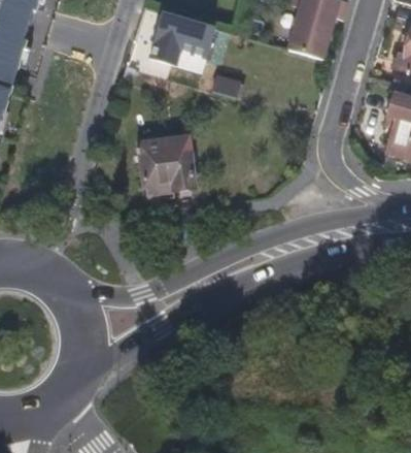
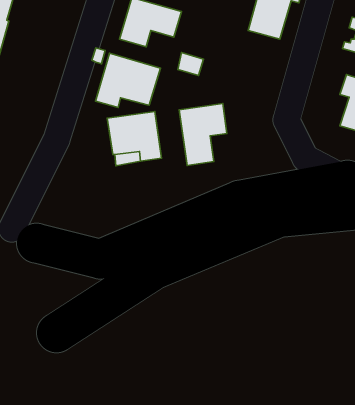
building: none -> [96,53,161,108]
building: none -> [179,104,227,165]

